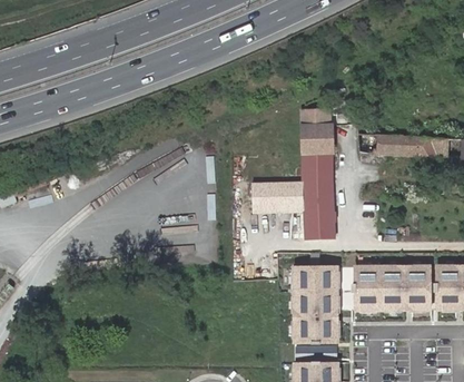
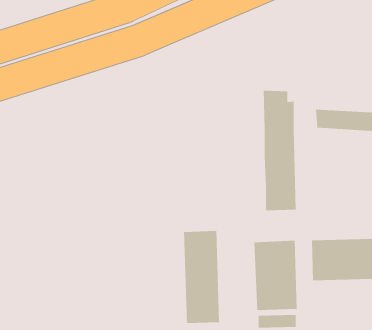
building: [253,180,304,214] -> none
building: none -> [184,230,220,324]

